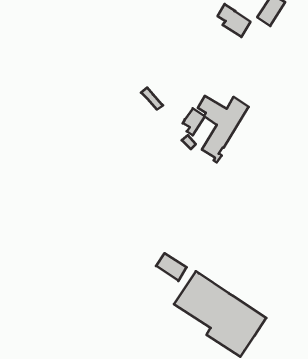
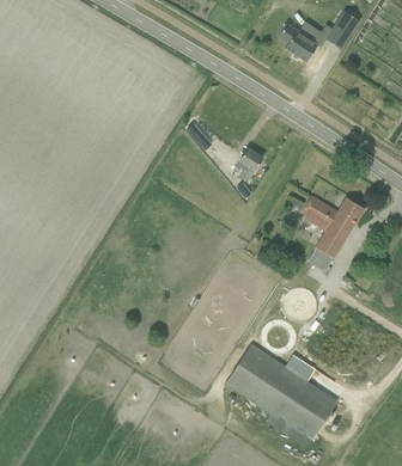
building: [198,96,249,162] -> [304,195,365,275]
building: [156,253,187,281] -> none

